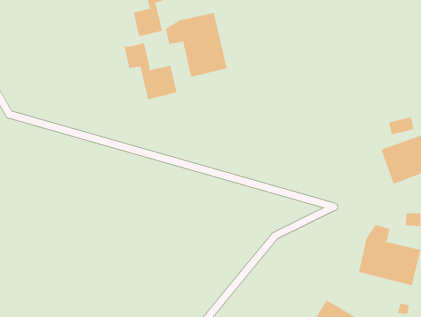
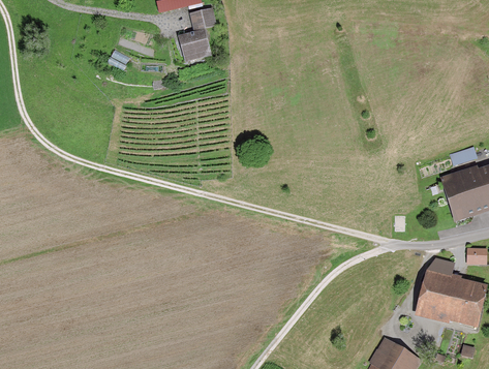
building: [165,12,227,78] -> none
building: [124,42,177,100] -> none

